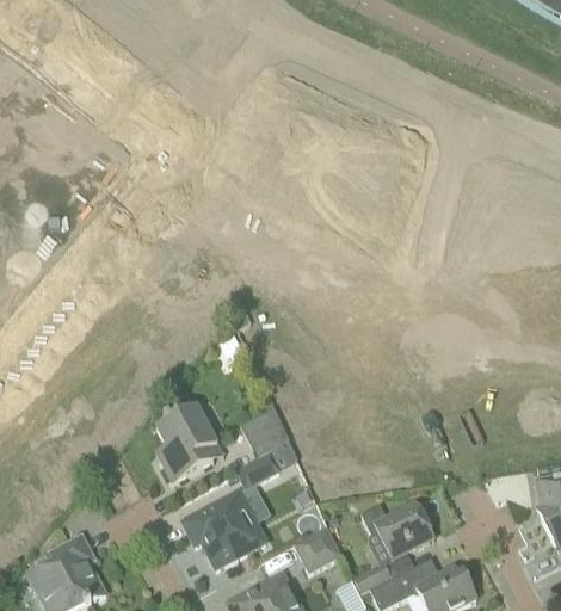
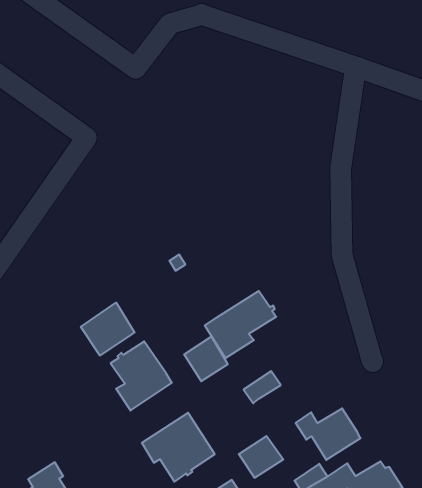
building: none -> [81,303,135,356]
building: none -> [205,291,276,358]
building: [238,452,280,487] -> [244,371,281,403]

